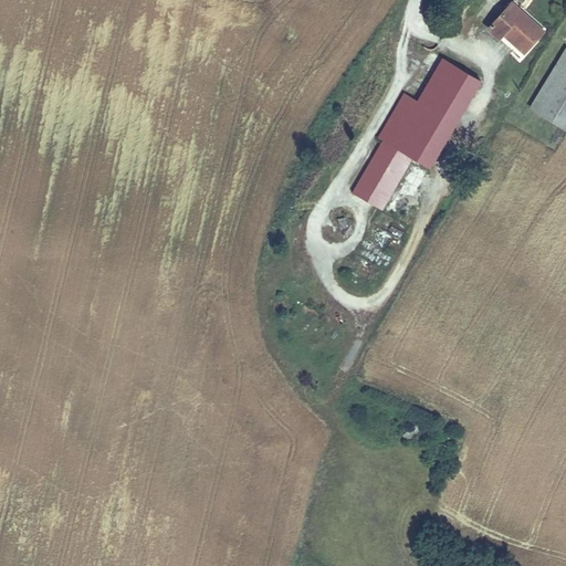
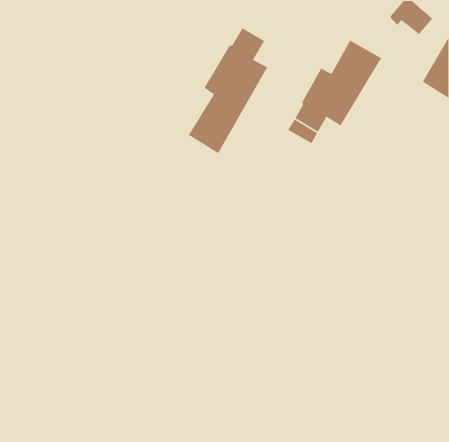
building: none -> [188,27,268,154]
building: [353,172,392,209] -> none

